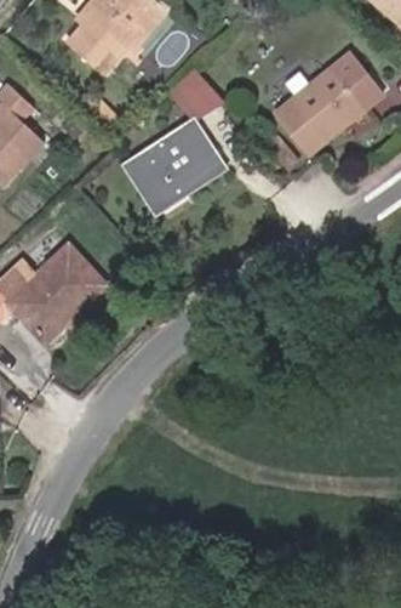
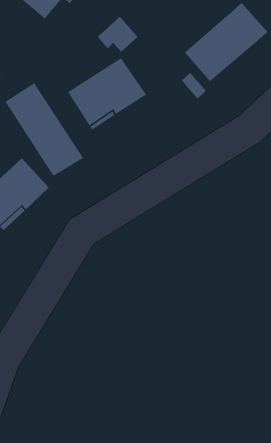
building: none -> [5,82,84,177]

